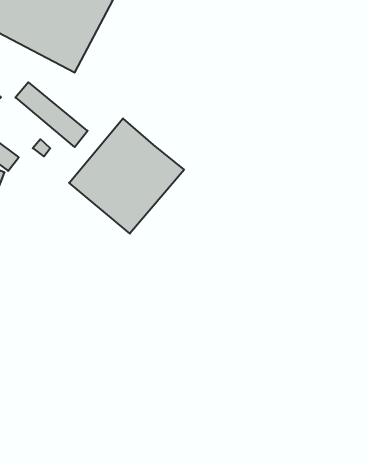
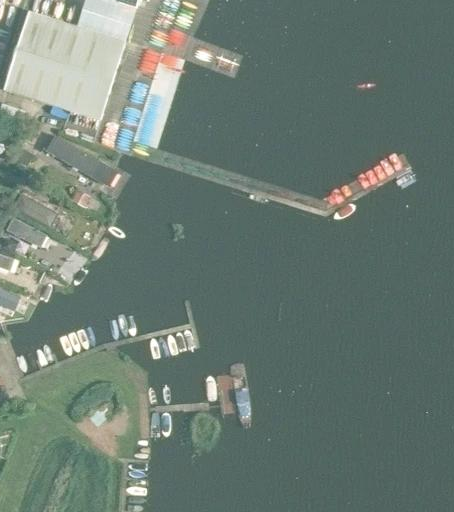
building: [69,118,184,234] -> none

